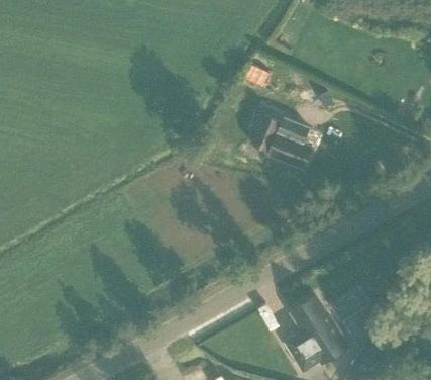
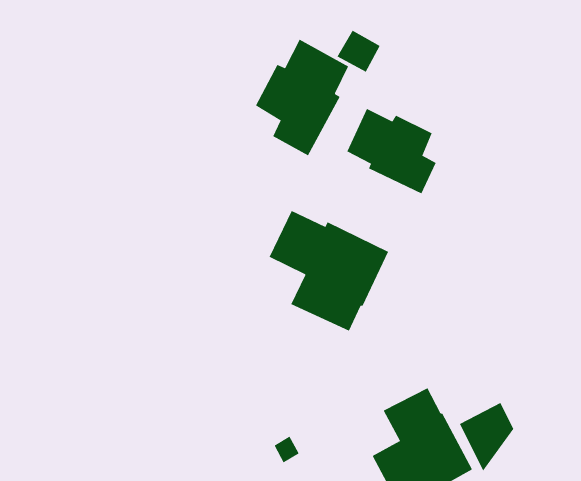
building: none -> [255,39,349,156]
building: none -> [269,210,389,332]

